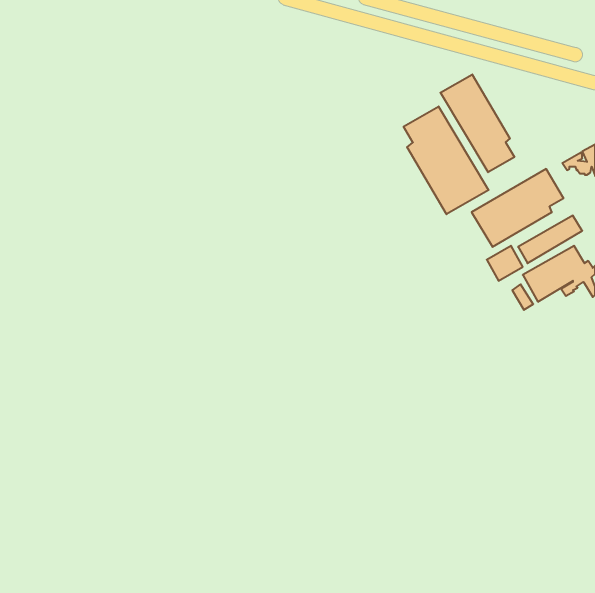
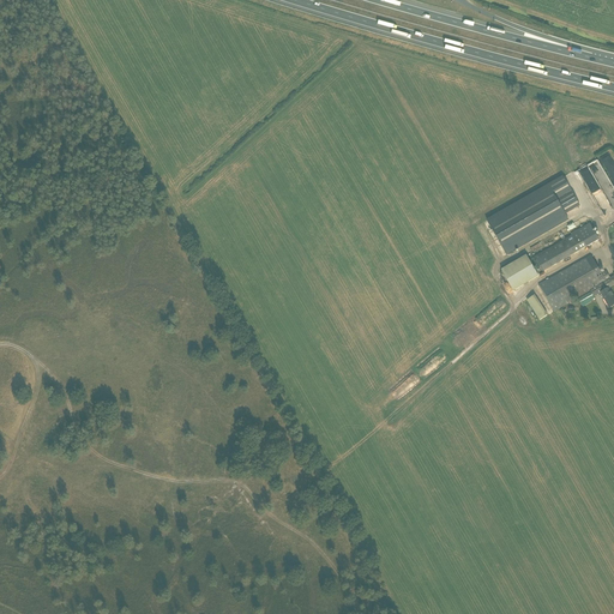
building: [440,74,514,172] -> none
building: [404,106,489,214] -> none

